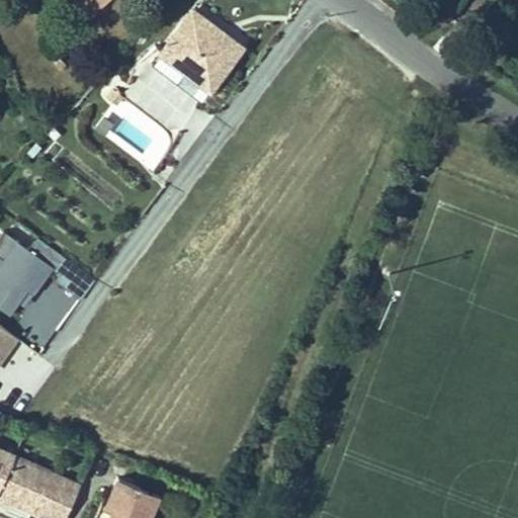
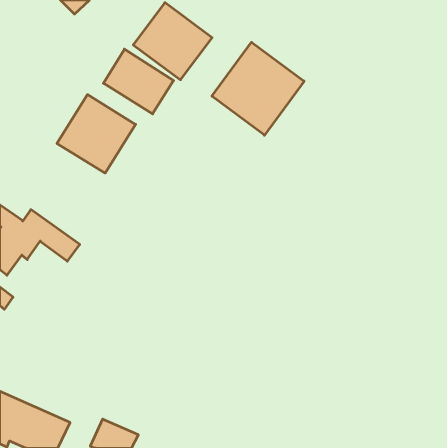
building: none -> [212,42,304,135]
building: none -> [57,95,136,173]

